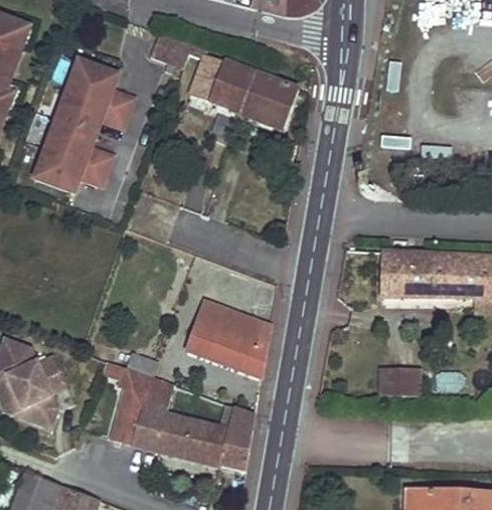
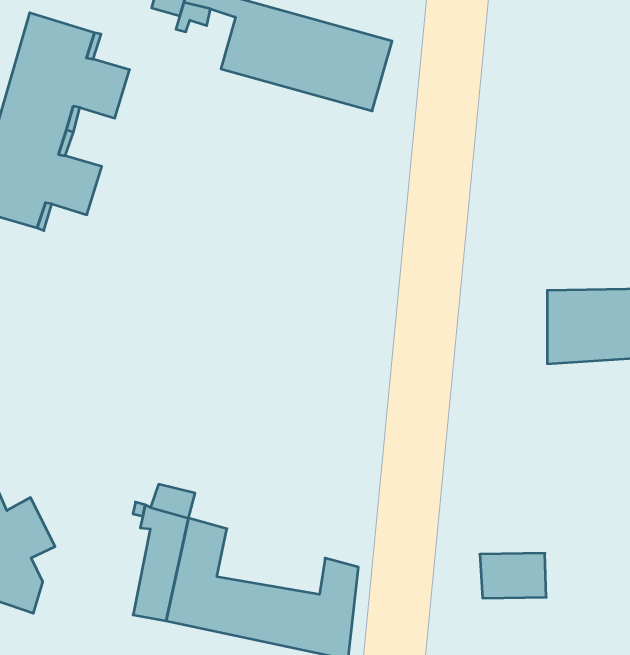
building: [189,300,270,376] -> none
building: [376,368,417,397] -> [480,553,546,598]

